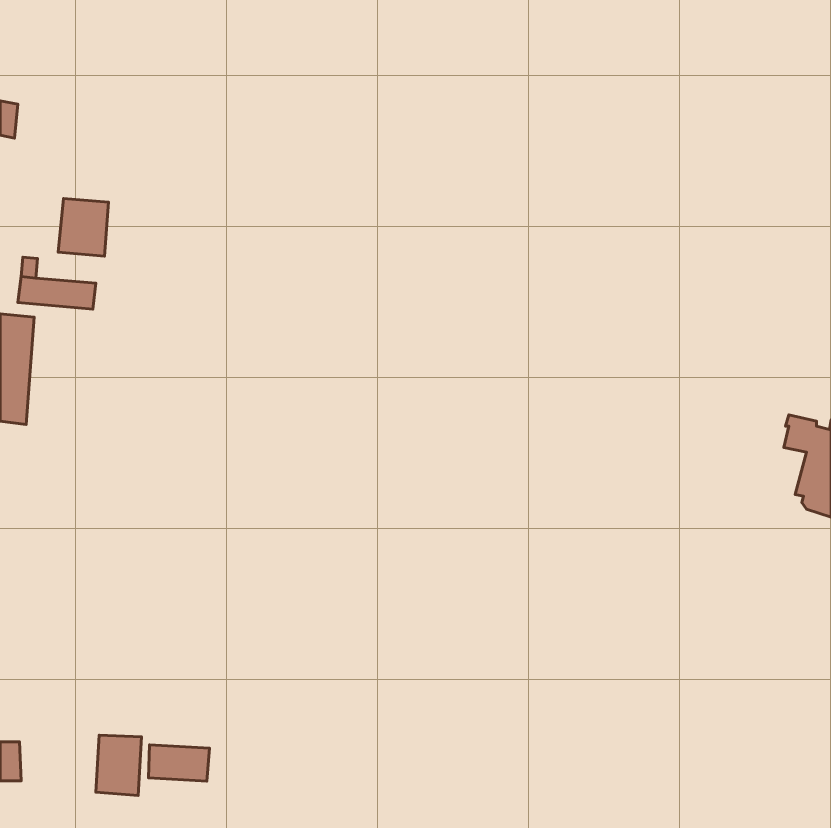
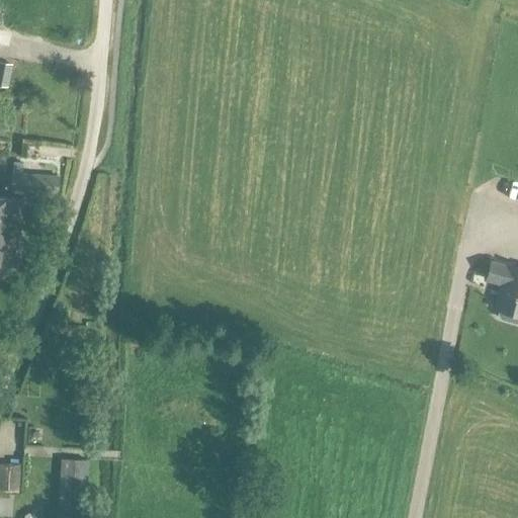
building: [58,198,109,256] -> none
building: [149,745,210,781] -> none

